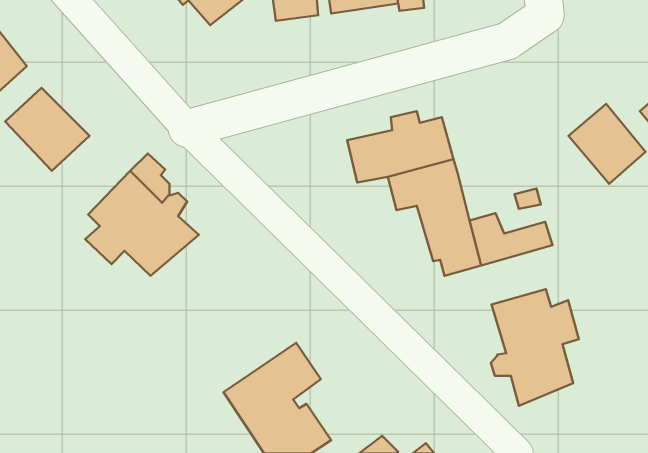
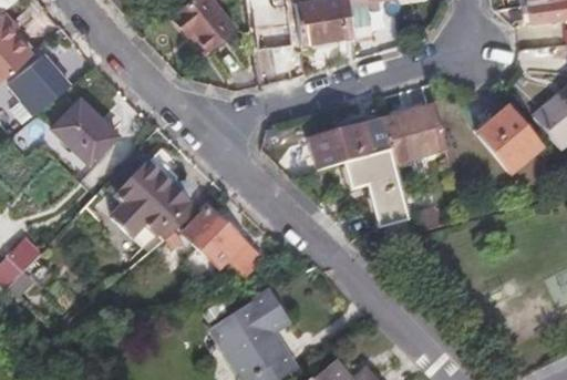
building: none -> [383,106,450,164]
building: none -> [179,207,255,274]
building: [491,289,579,406] -> none

